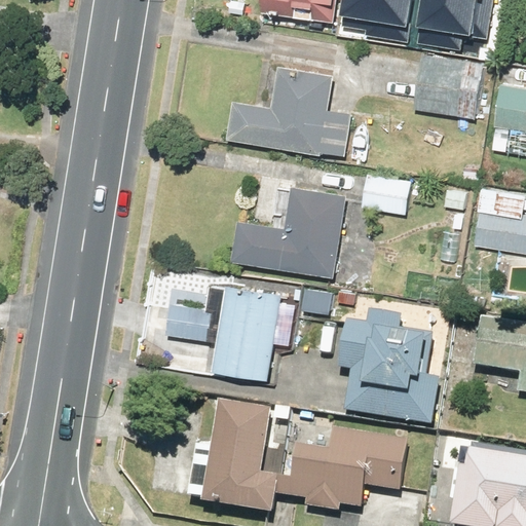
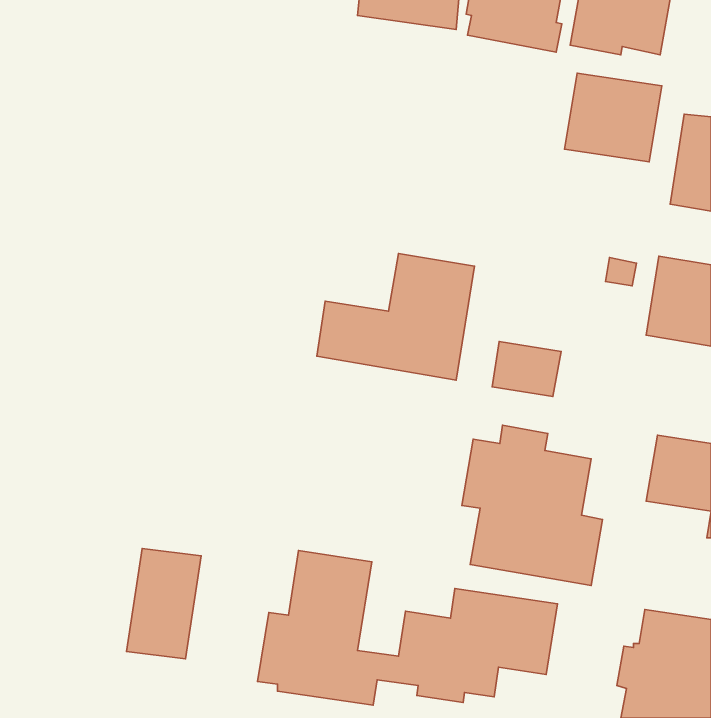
building: [225,66,350,155] -> none
building: [360,174,410,214] -> [492,342,561,397]
building: [164,286,291,379] -> none
building: none -> [126,548,201,659]

